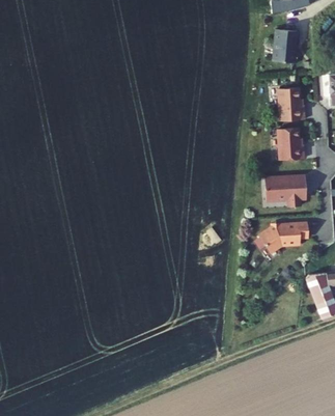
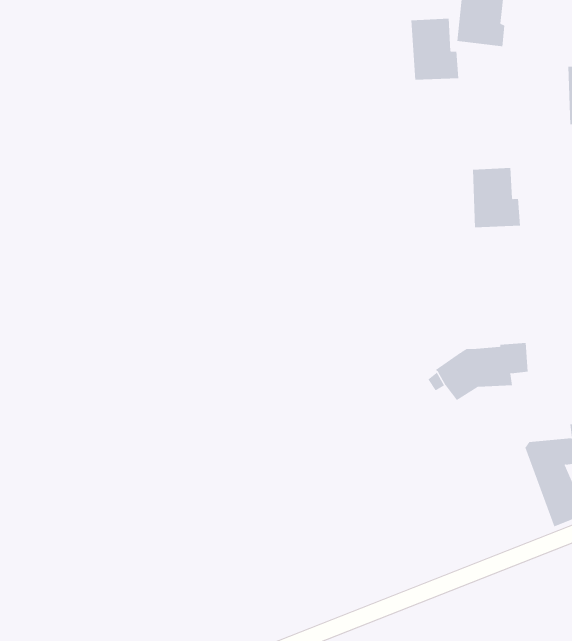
building: [278,87,304,120] -> [411,18,459,80]
building: [264,175,306,206] -> none

